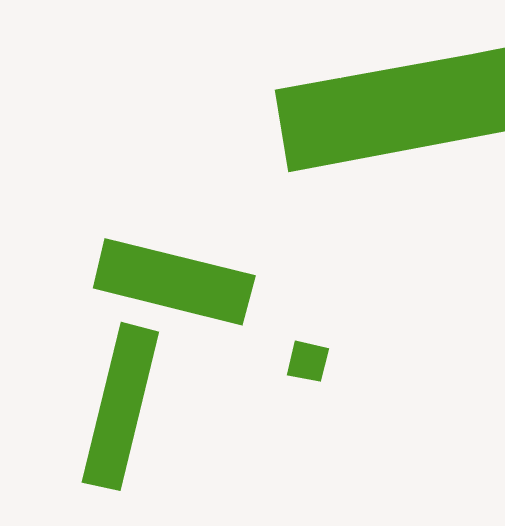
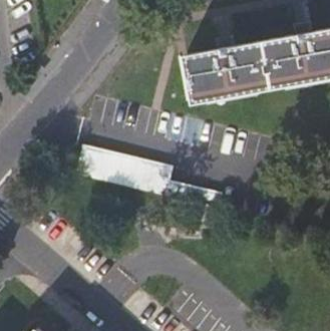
building: [81,321,160,492] -> none

